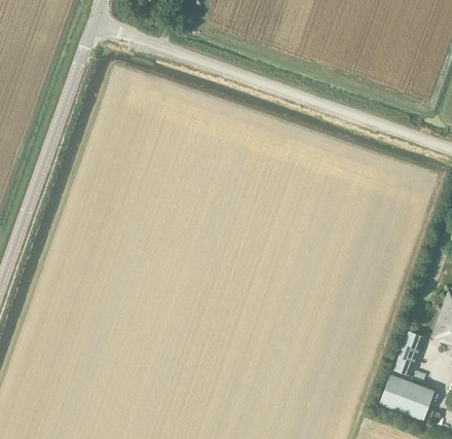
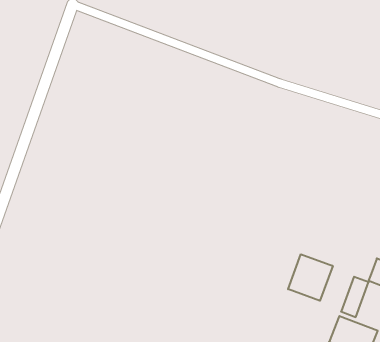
building: none -> [288,254,333,301]

